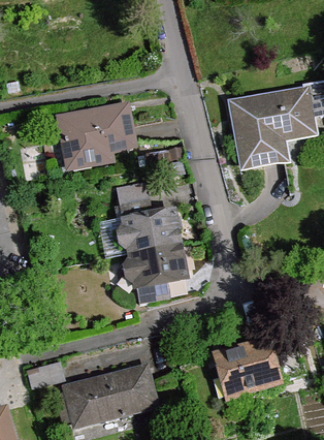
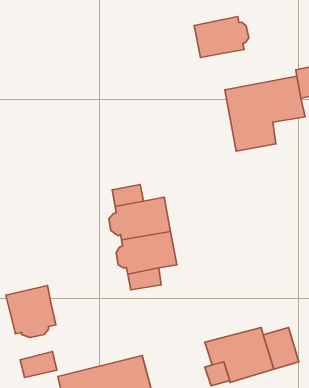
building: none -> [194,16,249,58]
building: [59,105,130,156] -> none
building: none -> [6,286,56,338]

